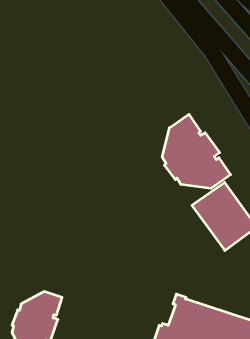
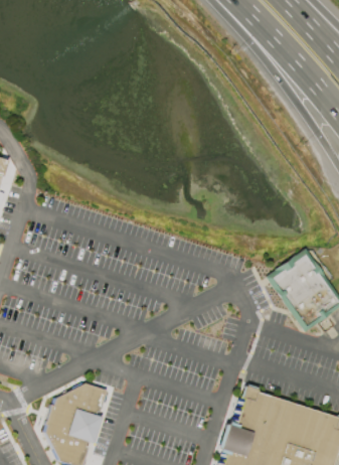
building: [162,114,231,188] -> none

